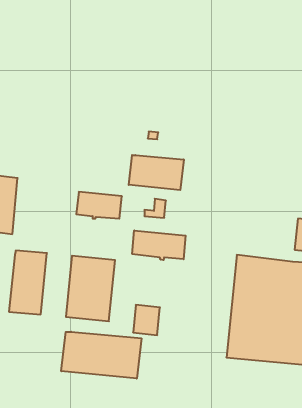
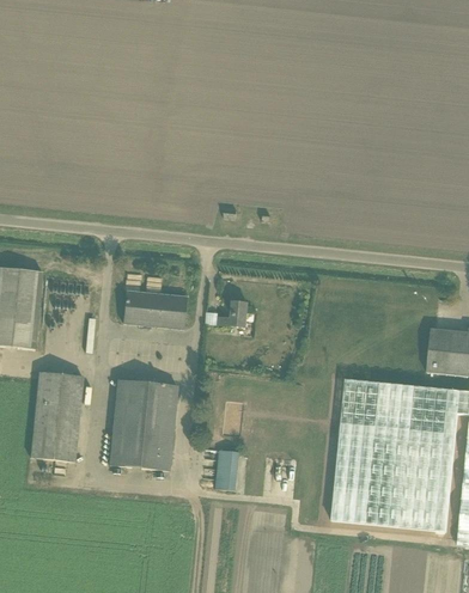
building: [129,155,184,190] -> none
building: [132,230,186,260] -> none
building: [61,332,141,379] -> none

